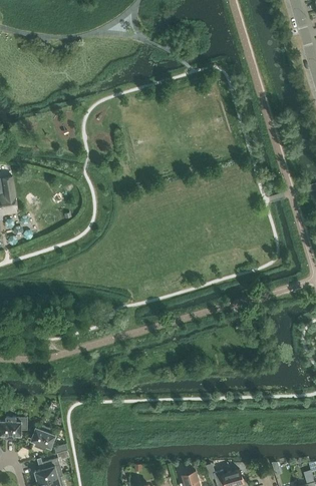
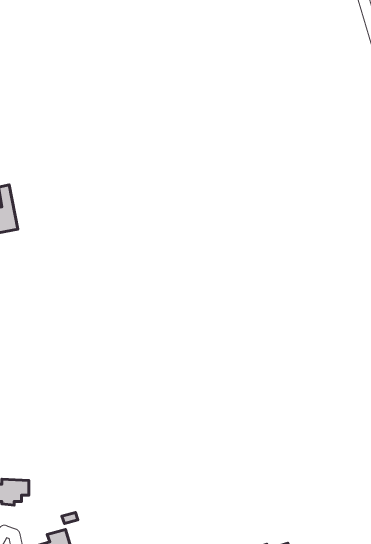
building: [30,425,55,447] -> none

